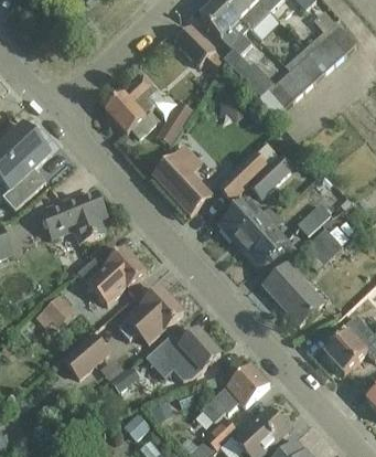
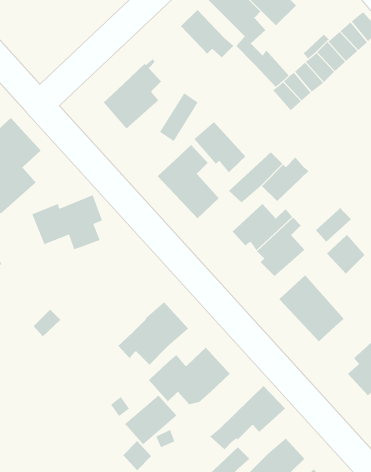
building: none -> [194,121,246,173]
building: [78,246,147,304] -> none
building: [63,333,110,379] -> [124,395,177,445]

